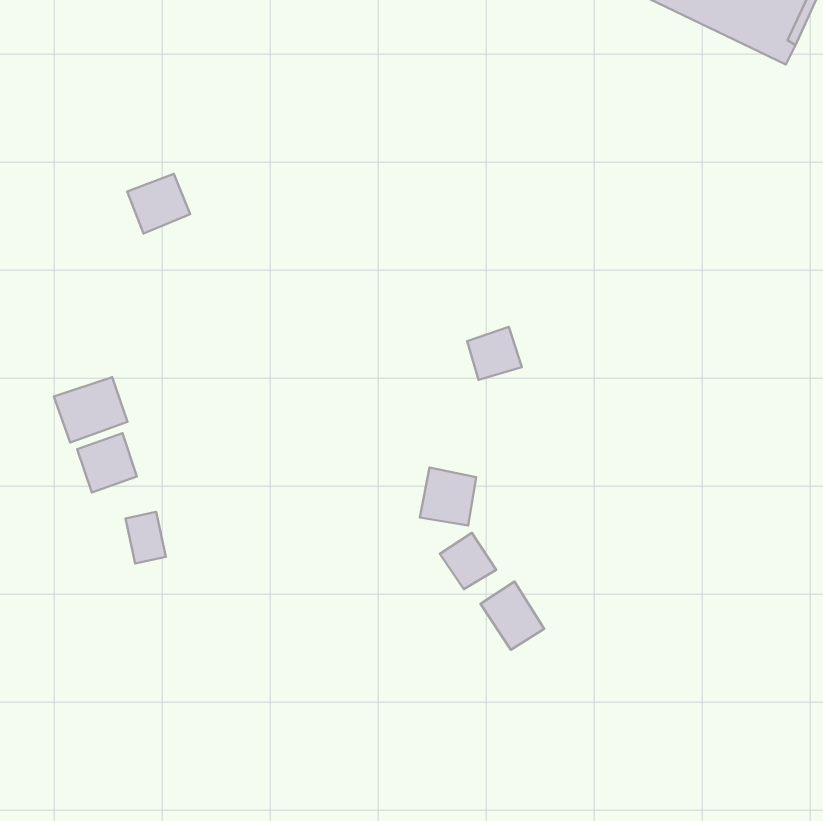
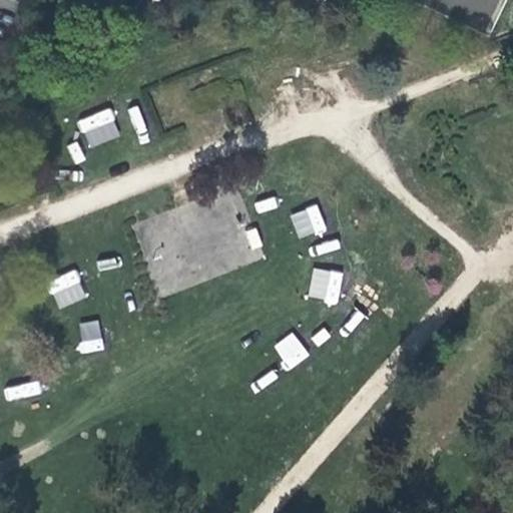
building: [54,377,127,443] -> none
building: [420,468,476,526] -> [307,266,342,302]
building: [480,581,544,650] -> none

